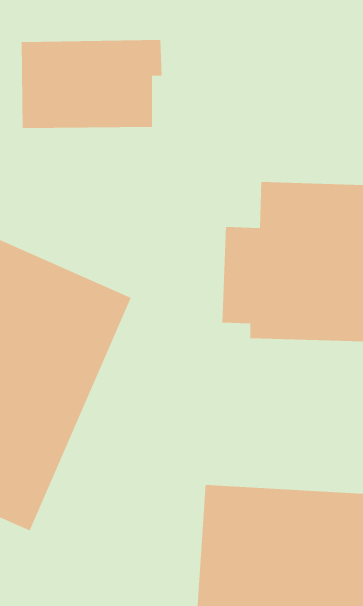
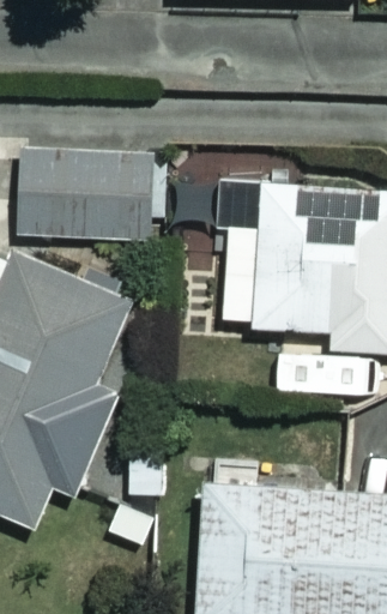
building: [21,39,163,129] -> [19,150,159,239]

